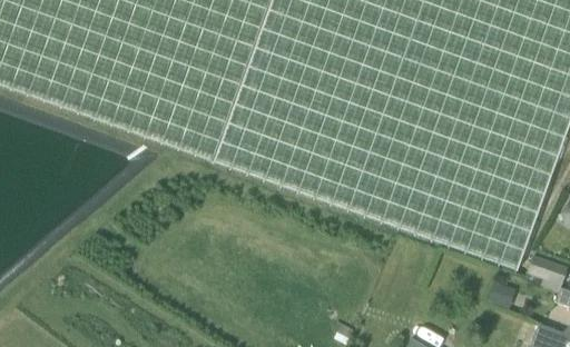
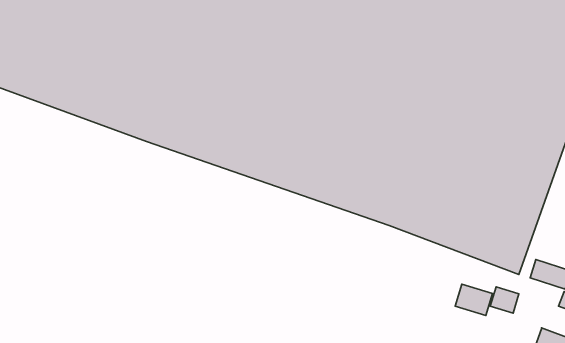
building: none -> [455,284,493,315]

